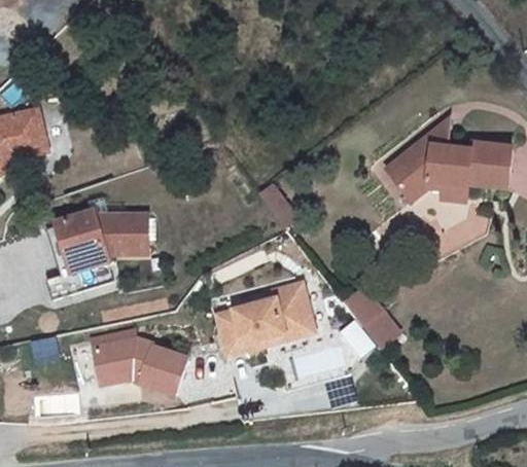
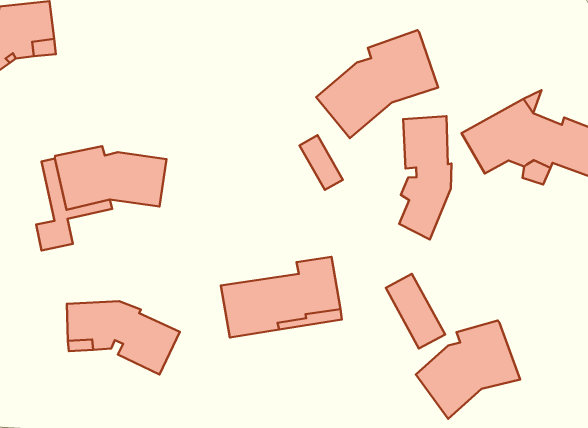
building: none -> [316,30,438,138]
building: none -> [399,116,451,240]
building: none -> [416,321,520,419]

